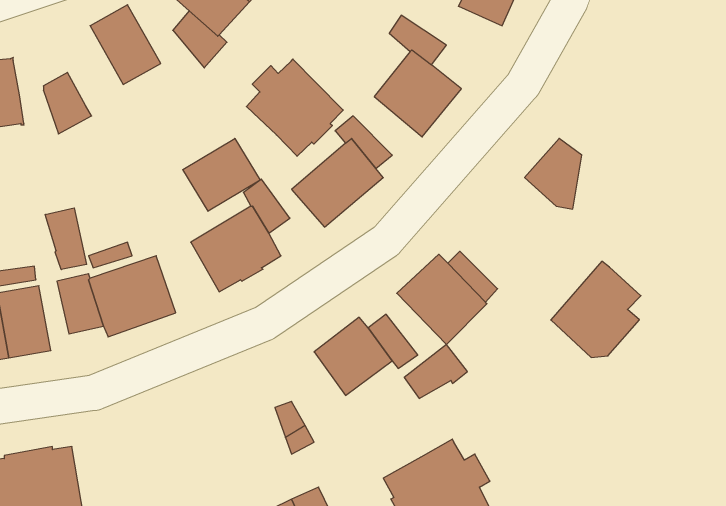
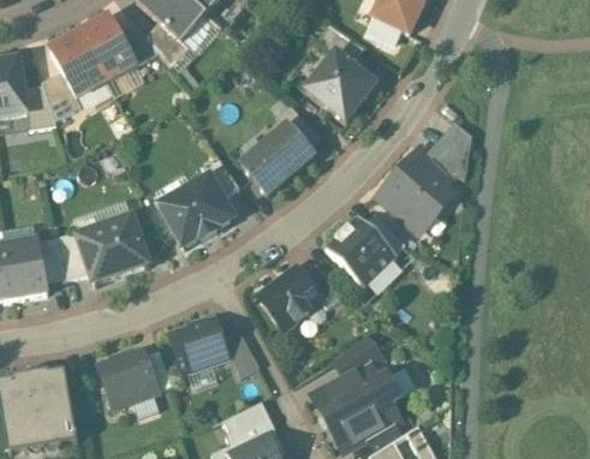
building: none -> [49,34,105,97]
building: [246,59,343,156] -> none
building: none -> [22,85,54,130]
building: [183,138,260,211] -> none
building: [45,208,87,270] -> none
building: [551,261,641,357] -> [379,150,451,227]
building: [404,344,467,398] -> [330,335,381,378]
building: none -> [168,318,226,371]
building: none -> [96,348,157,407]

